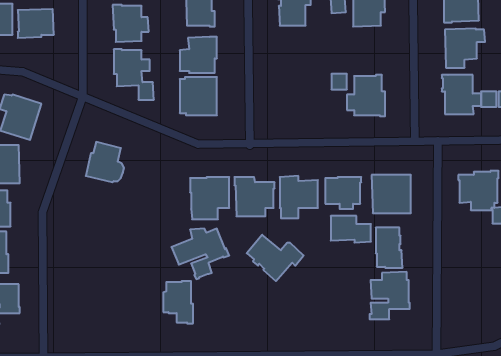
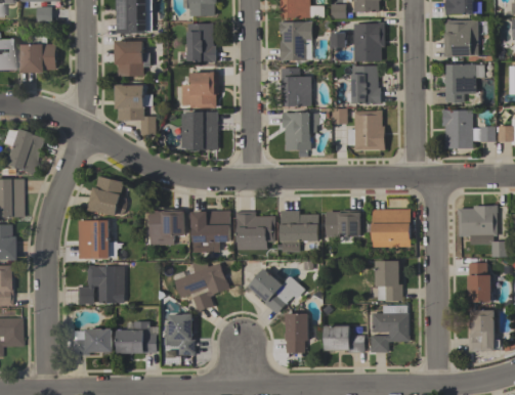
building: none -> [351,65,381,103]
building: none -> [280,68,311,106]
building: none -> [282,112,318,157]
building: none -> [149,209,184,246]
building: none -> [78,220,117,259]
building: [331,216,371,243] -> [325,326,364,353]
building: none -> [467,262,491,302]
building: none -> [77,265,124,305]
building: none -> [468,310,495,352]
building: none -> [286,314,308,353]
building: none -> [117,321,156,354]
building: none -> [71,328,113,355]

